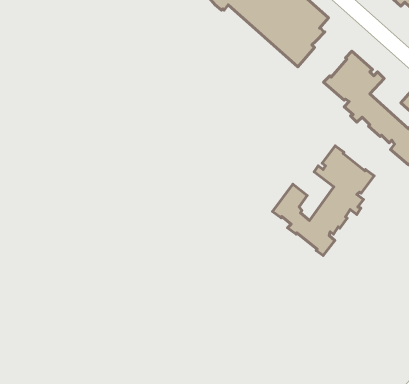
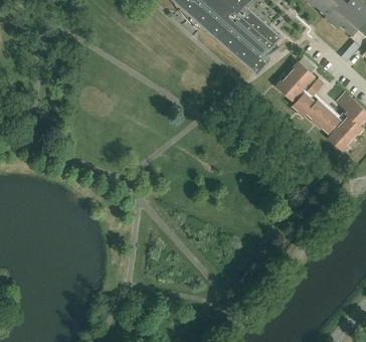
building: [272,146,374,255] -> none

